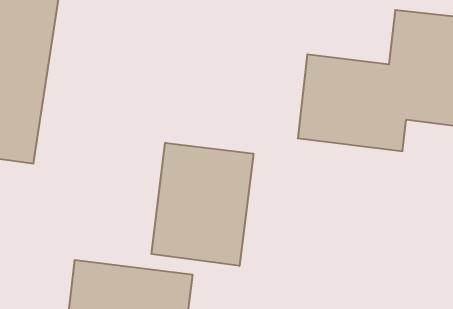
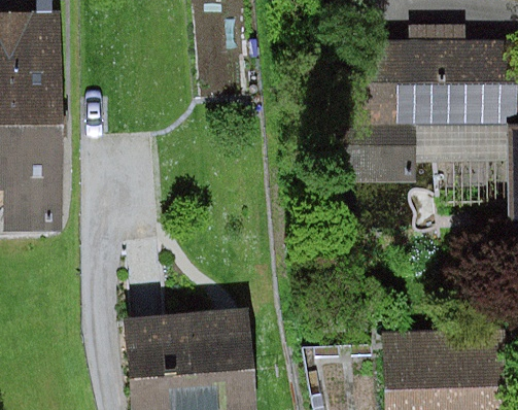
building: [151,143,253,266] -> none

